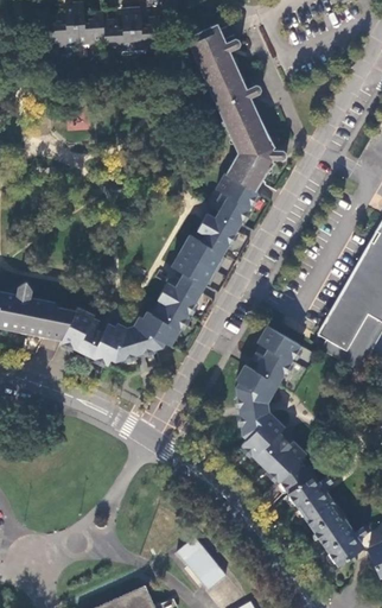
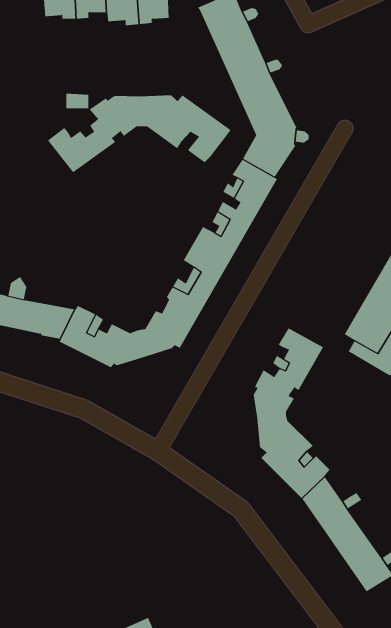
building: none -> [47,94,232,173]
building: [176,537,224,589] -> none

